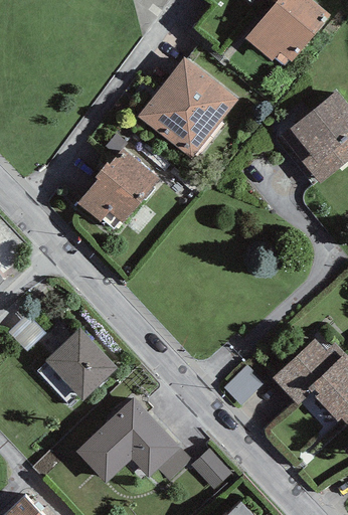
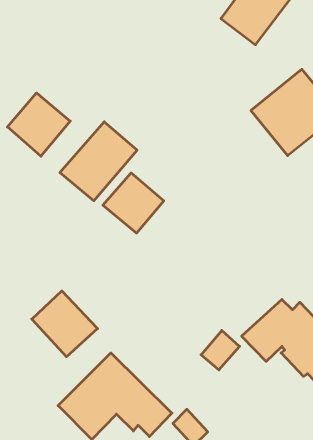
building: [137,57,234,157] -> none
building: none -> [7,93,70,156]
building: none -> [103,173,164,233]

